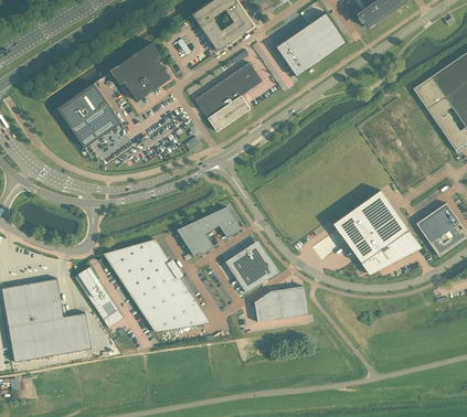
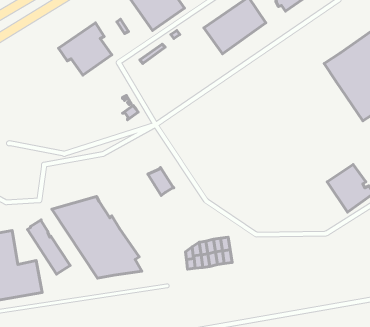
building: [195,62,263,131] -> none
building: [57,84,121,148] -> none
building: [333,190,422,275] -> none
building: [177,214,220,256] -> none
building: [225,243,278,292] -> none

